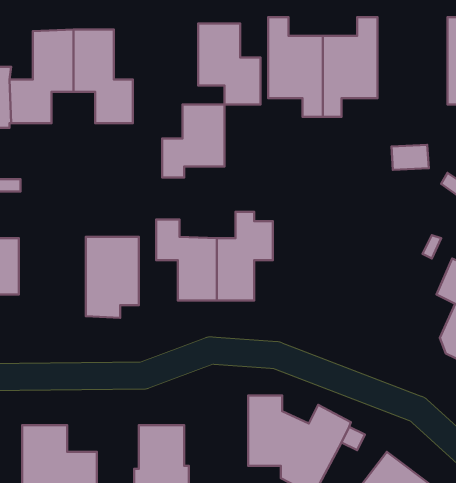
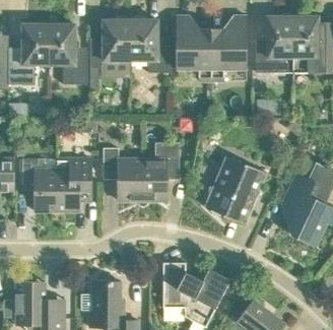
building: none -> [255,15,292,72]
building: [162,104,225,178] -> [89,19,130,67]
building: none -> [205,157,267,224]
building: none -> [22,158,57,210]

